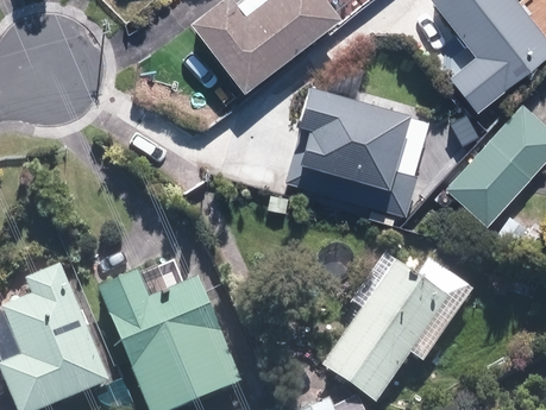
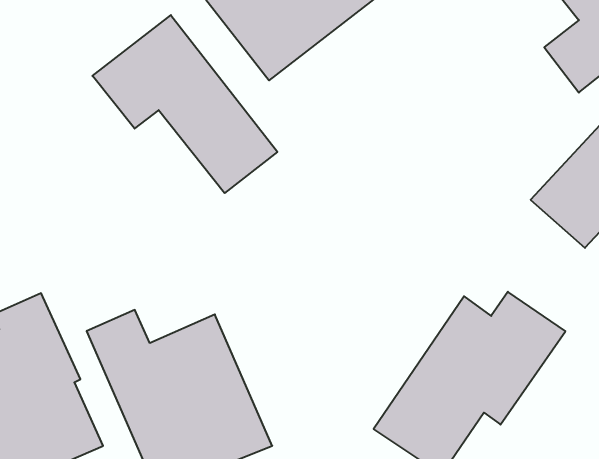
building: none -> [92,15,277,193]
building: [290,77,426,208] -> none

